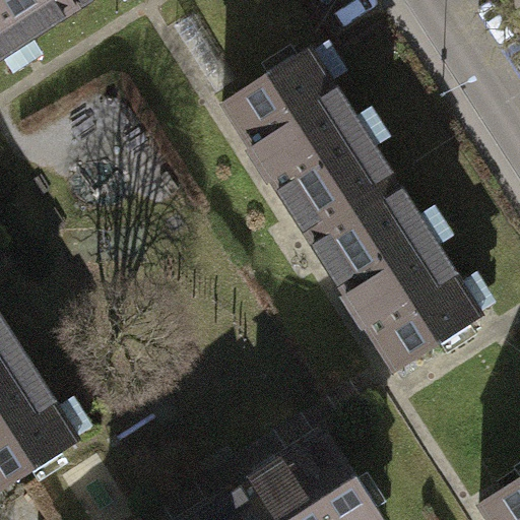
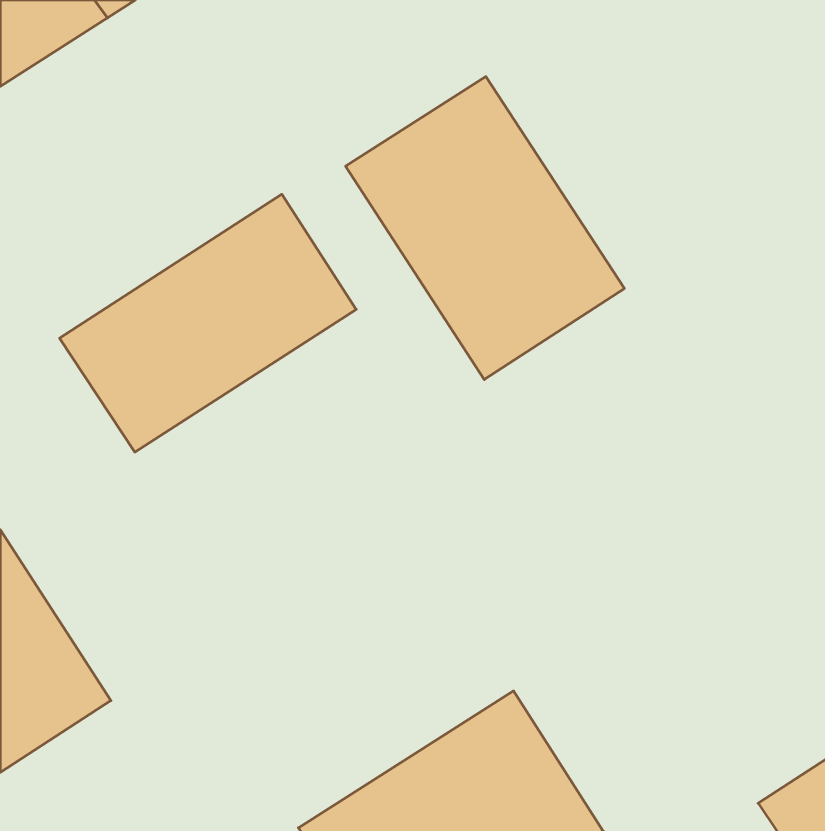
building: none -> [60,194,356,452]
building: [307,181,479,370] -> none

